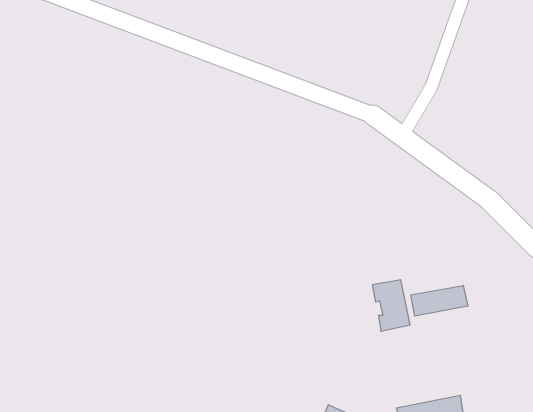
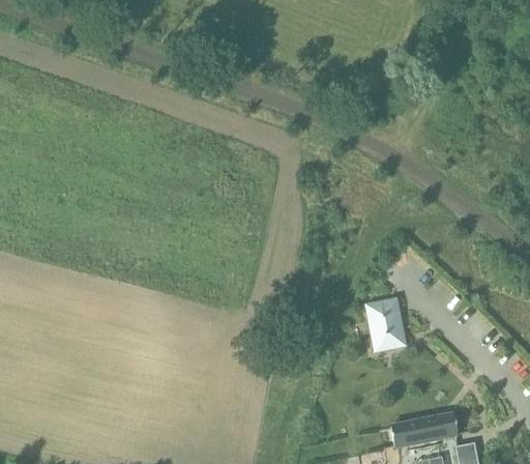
building: [411,285,468,316] -> none

